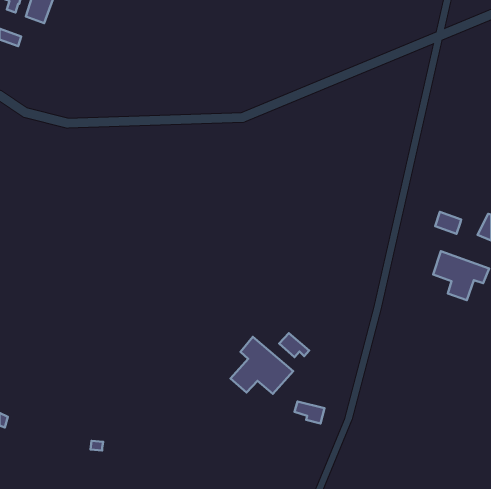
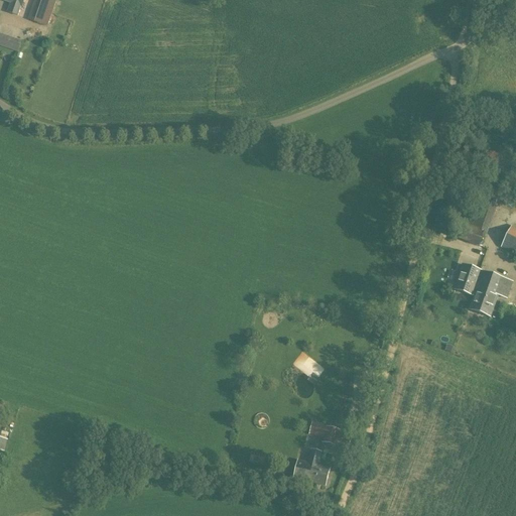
building: [231,337,293,394] -> none
building: none -> [292,448,329,483]

